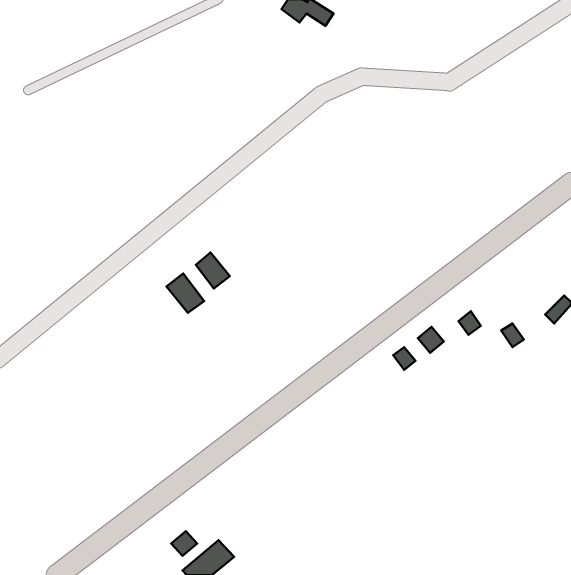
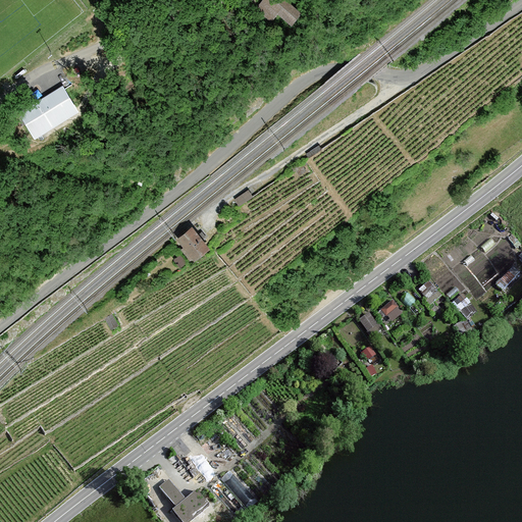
building: none -> [21,89,74,137]
building: [167,274,204,313] -> none

